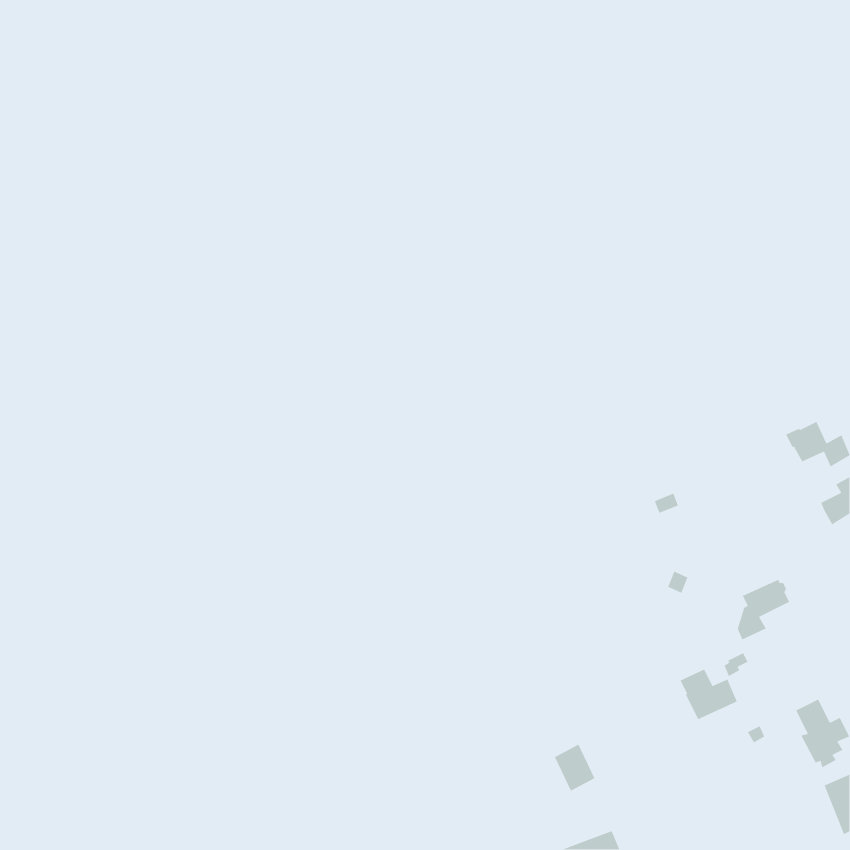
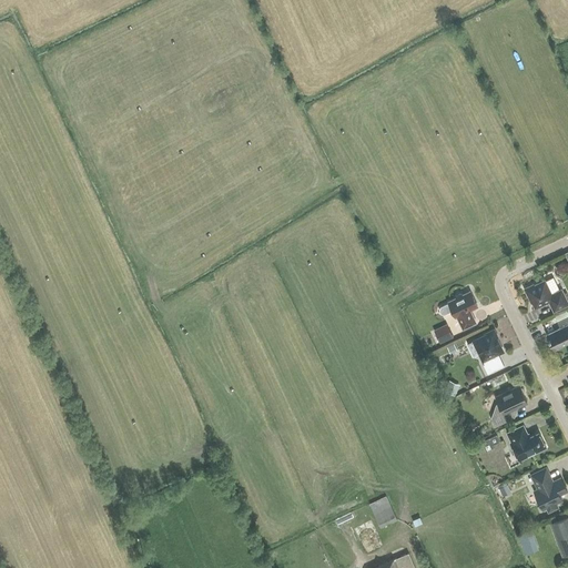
building: none -> [439,293,477,329]
building: none -> [474,329,504,374]
building: [680,669,738,720] -> [507,426,546,460]

